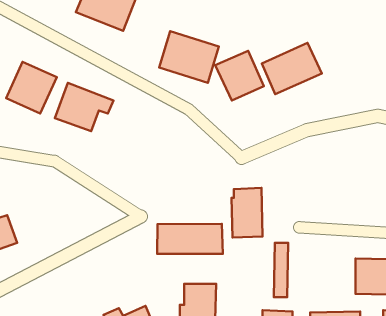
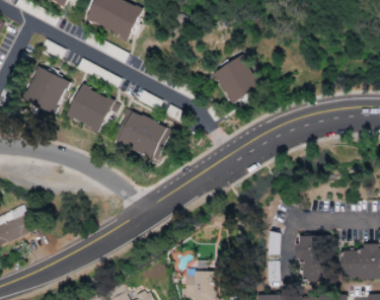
building: [159,31,219,83] -> [116,110,170,158]
building: [262,43,322,94] -> none
building: [232,188,262,238] -> [298,235,326,281]
building: [157,224,223,254] -> none

